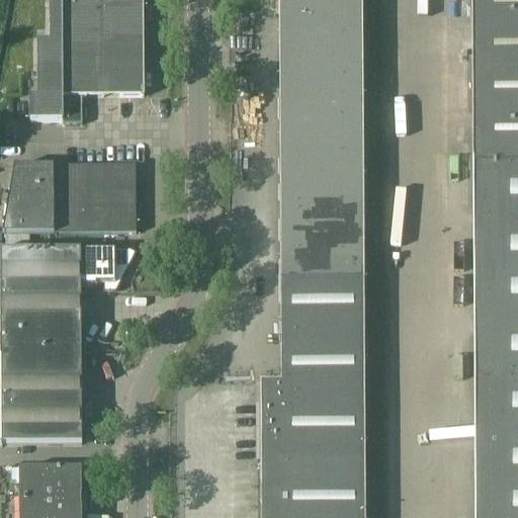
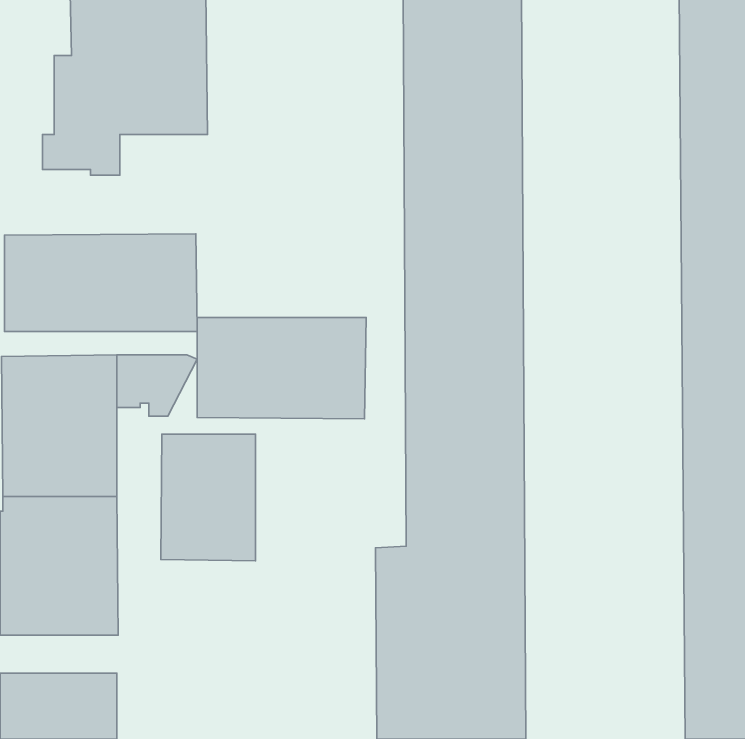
building: none -> [197,318,366,419]
building: none -> [161,434,256,561]

